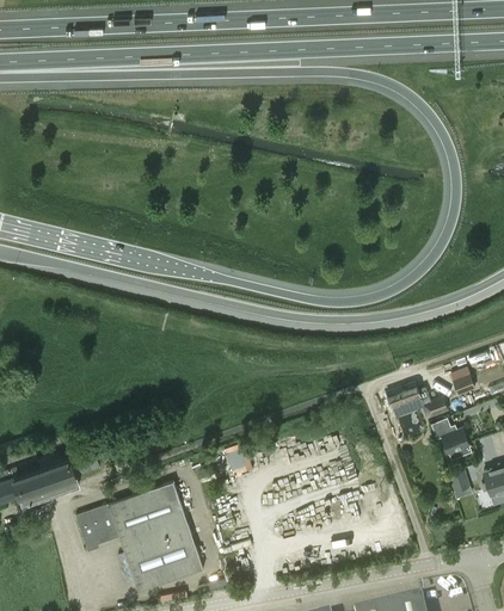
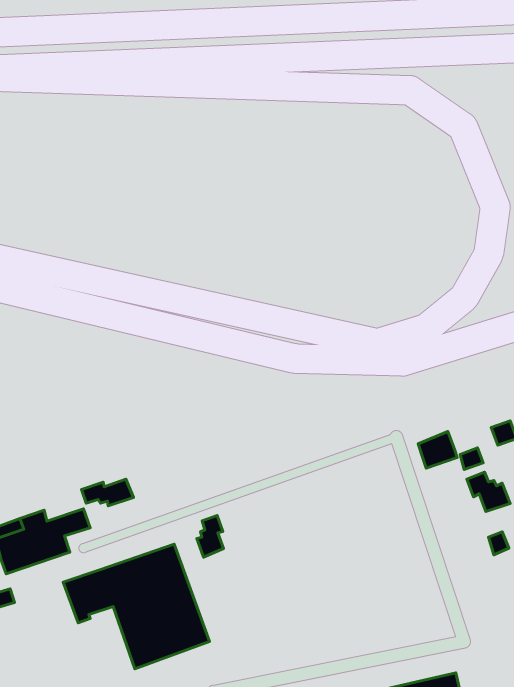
building: none -> [82,479,134,506]
building: none -> [197,515,224,557]

